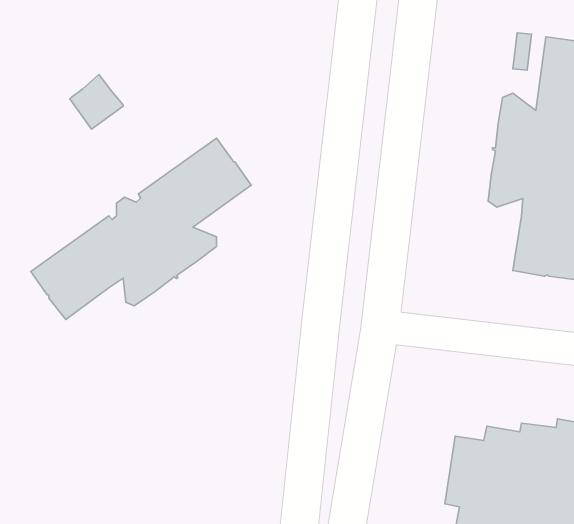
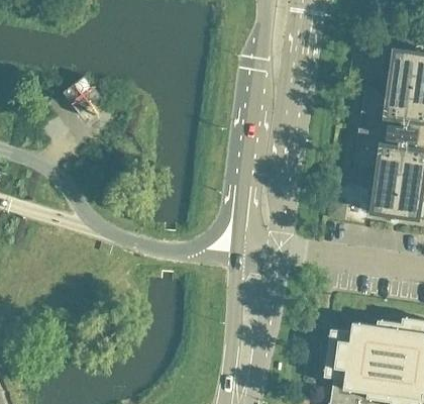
building: [31,138,251,320] -> none

